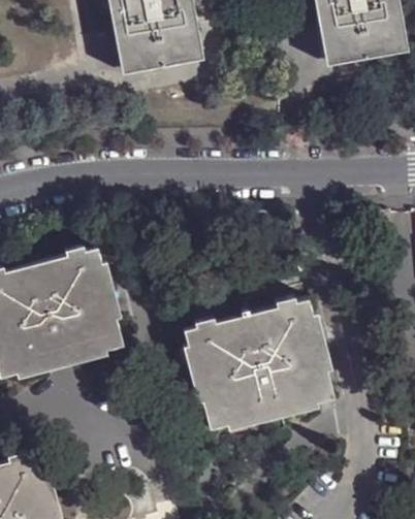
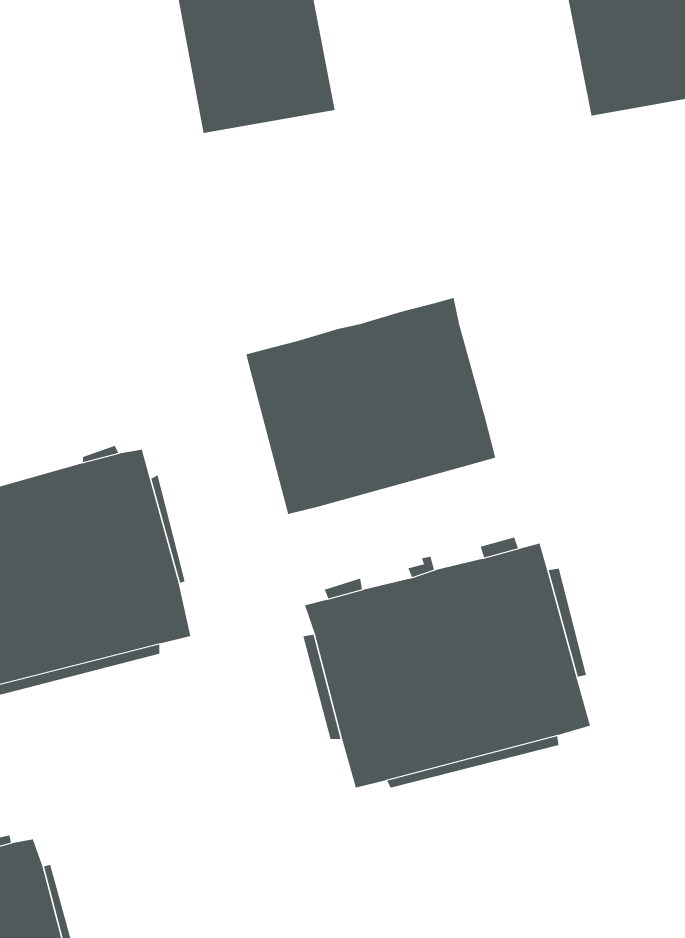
building: none -> [246,297,496,515]

